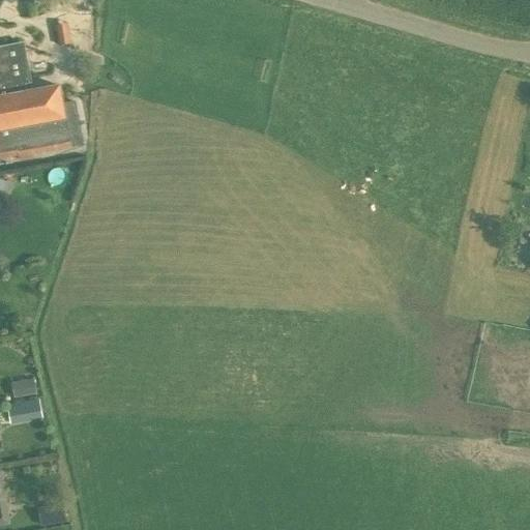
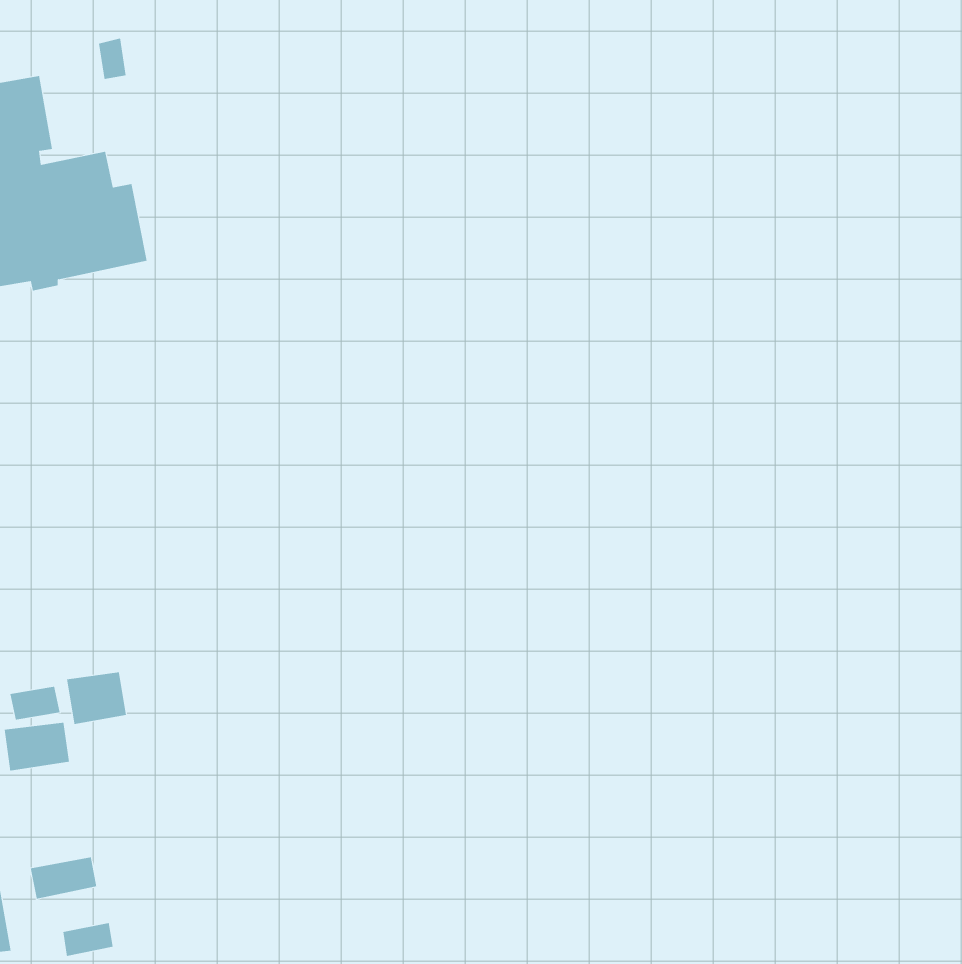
building: none -> [66,671,126,725]
building: none -> [30,856,97,899]

